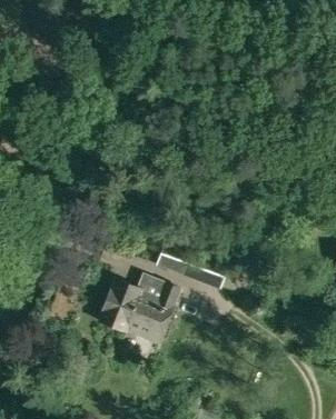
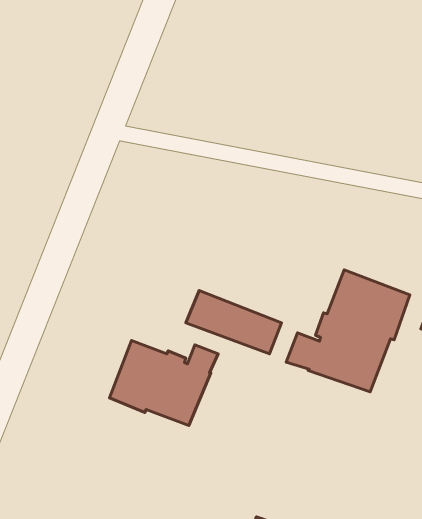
building: none -> [286,270,410,392]

